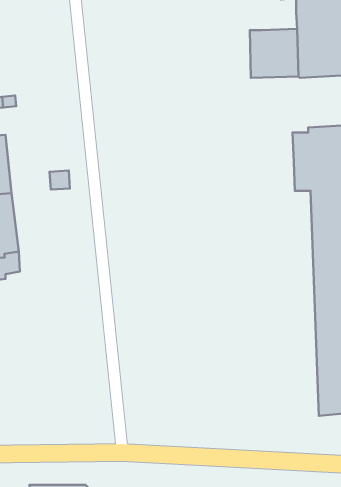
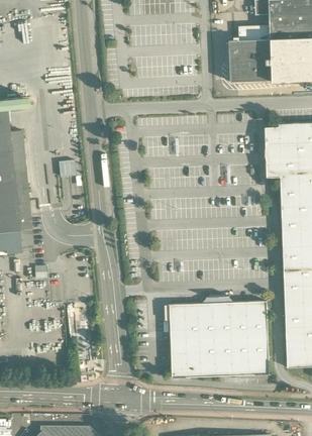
building: none -> [237,26,269,41]
building: none -> [169,295,269,377]

